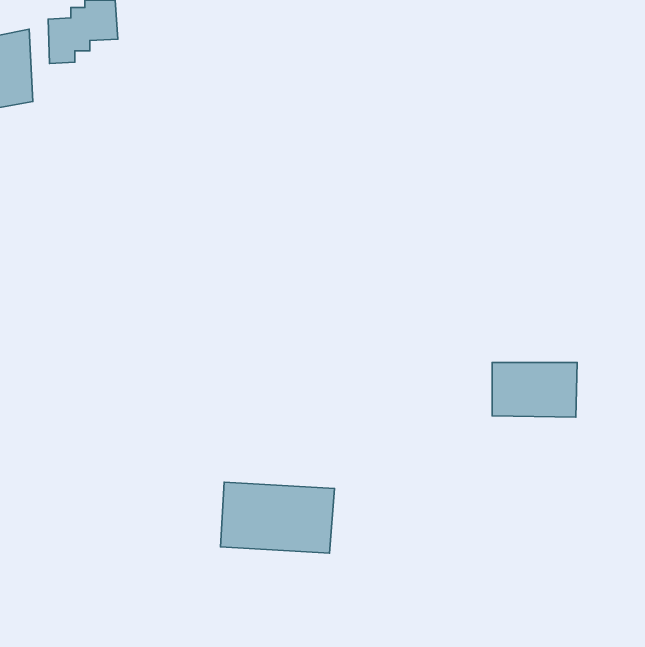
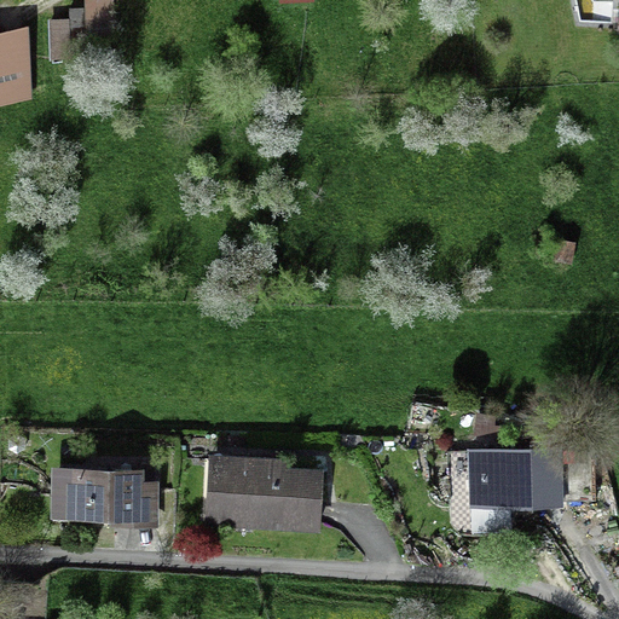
building: [492,363,577,417] -> [470,458,551,510]
building: none -> [69,469,146,514]

